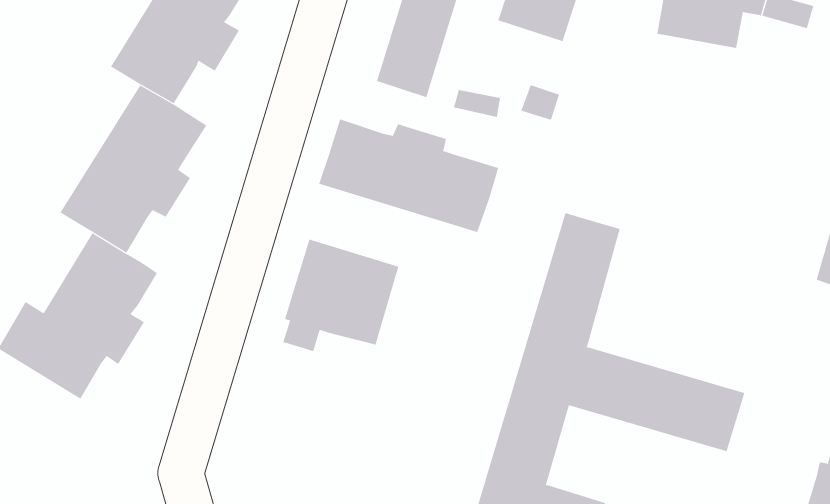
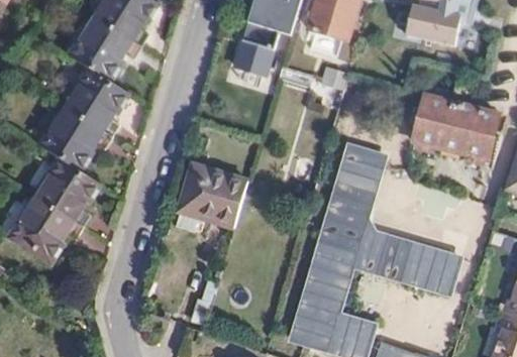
building: [319,119,499,233] -> none
building: none -> [410,94,499,164]

